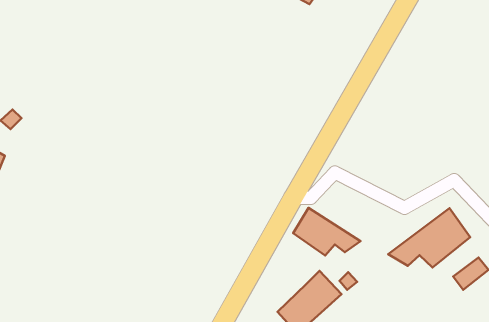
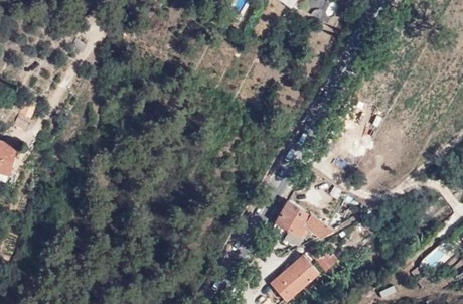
building: [388,208,470,268] -> none

